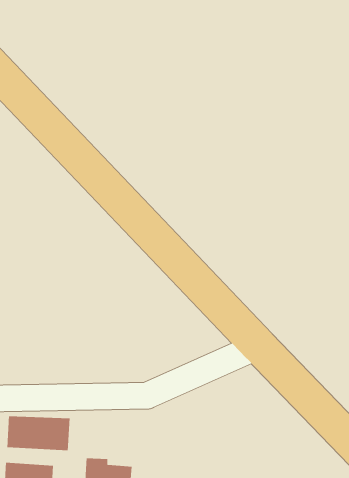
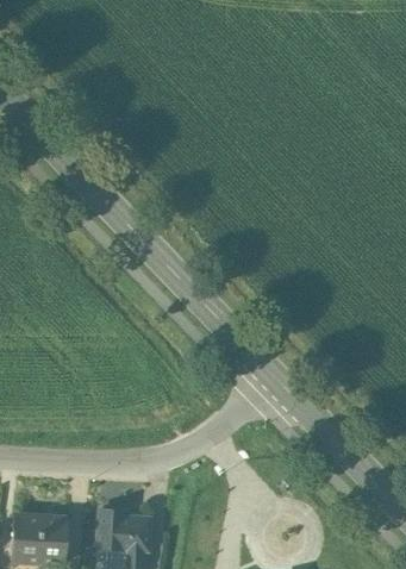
building: [7,415,70,451] -> none

